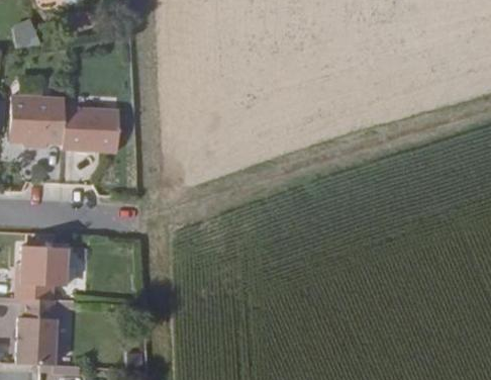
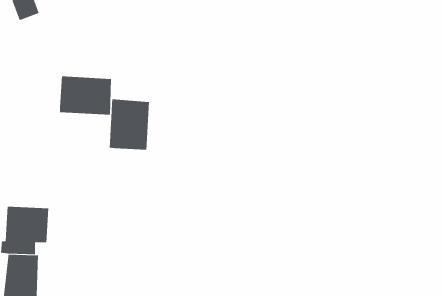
building: [17,95,73,142] -> none
building: none -> [109,99,150,150]

